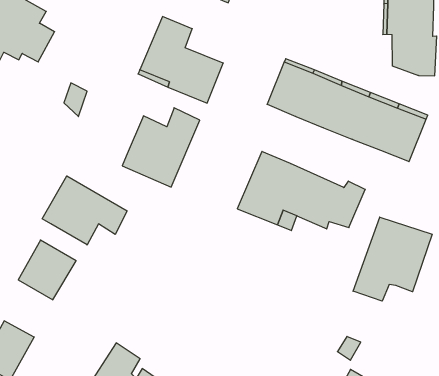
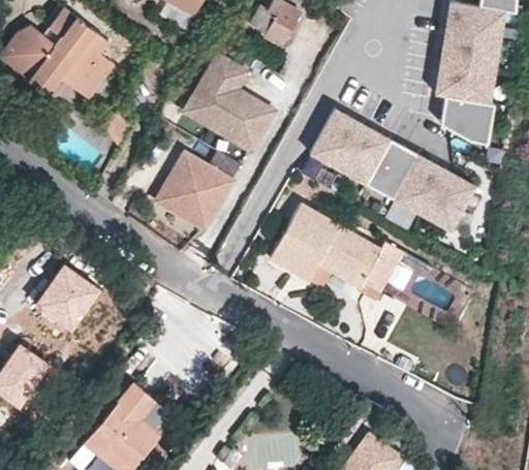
building: [42,176,127,245] -> none
building: [353,217,432,301] -> none

